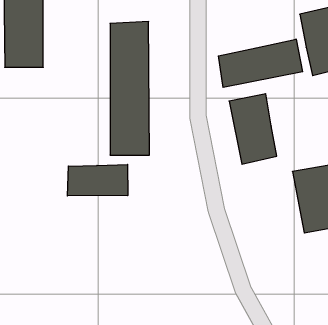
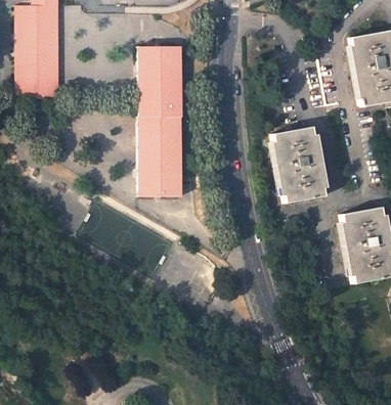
building: [218,39,303,87] -> none
building: [67,164,128,196] -> none

